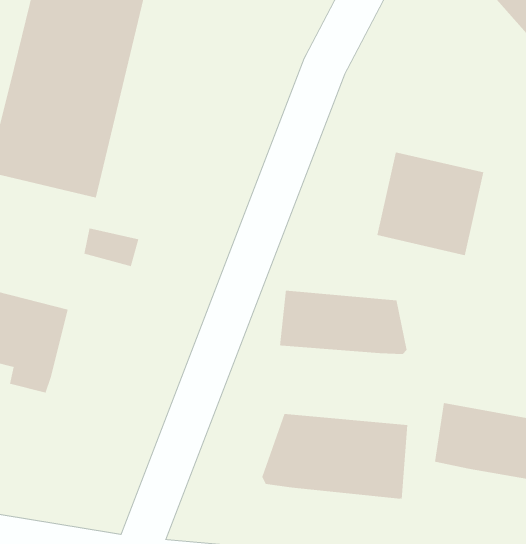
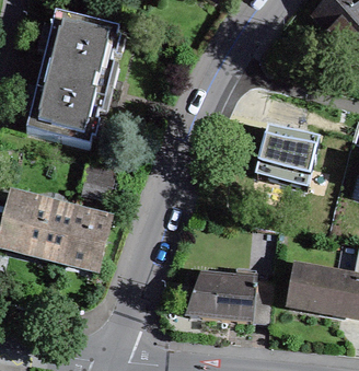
building: [279,290,407,355] -> none
building: none -> [62,212,106,260]

